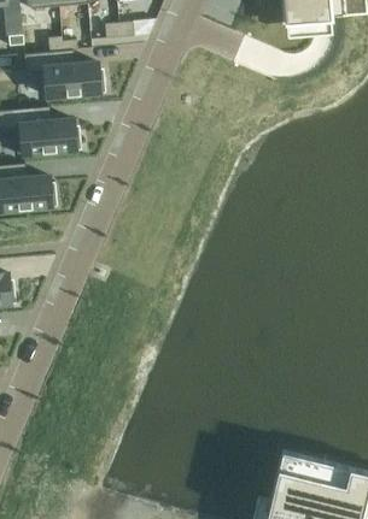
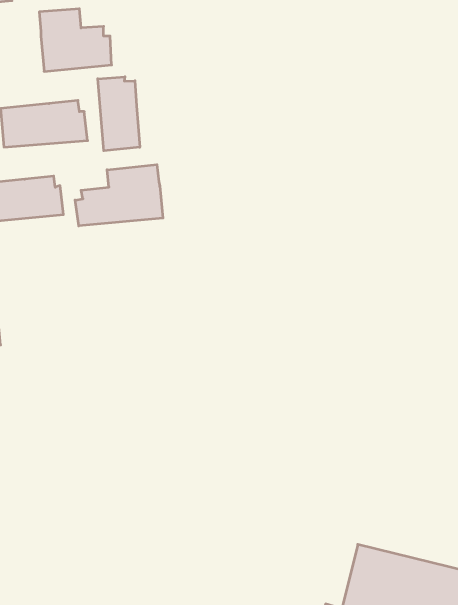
building: none -> [98,77,140,151]
building: none -> [75,165,163,226]

